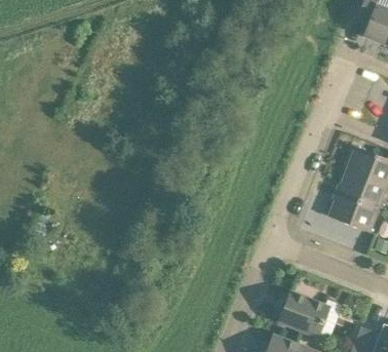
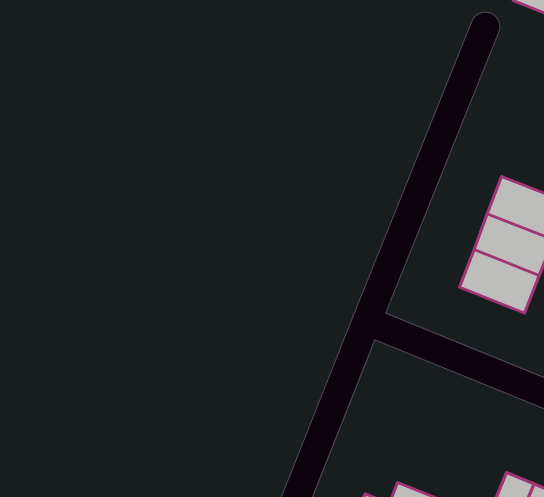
building: [279,291,329,337] -> none

